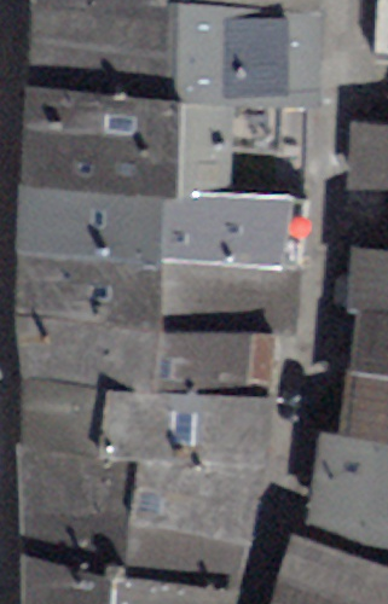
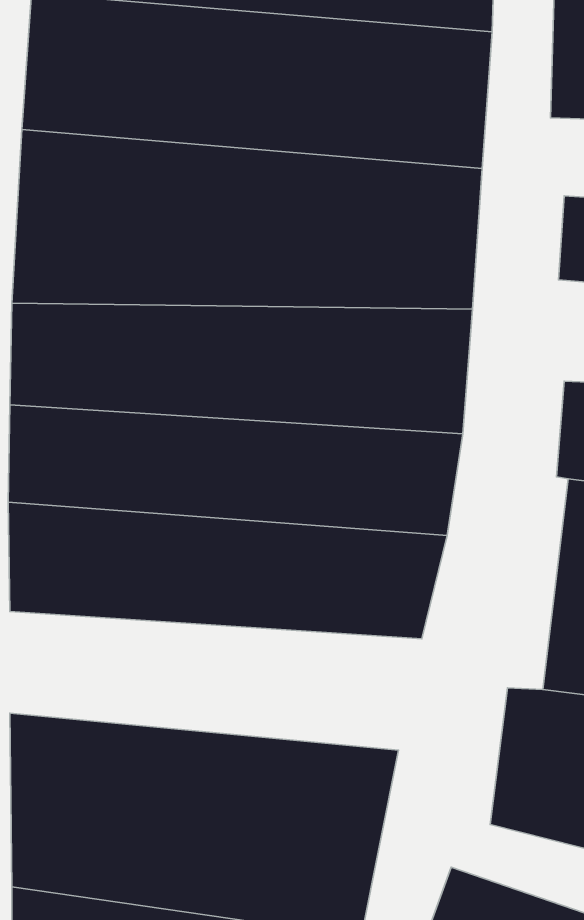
building: [16,387,271,472] -> none

